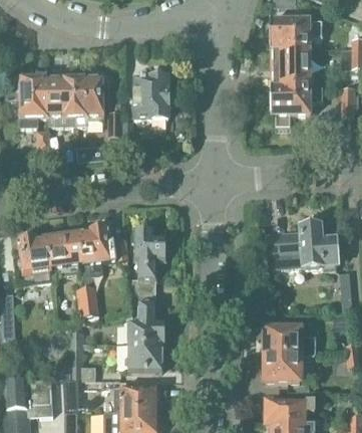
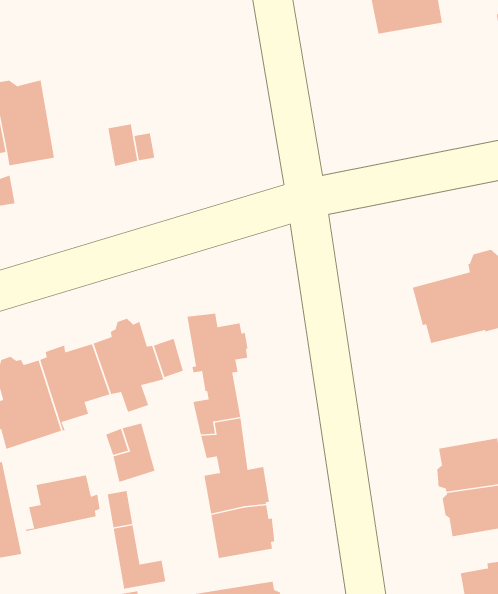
building: [134,72,168,126] -> none
building: [75,73,103,124] -> none
building: [270,85,311,127] -> none
building: none -> [25,475,101,532]

